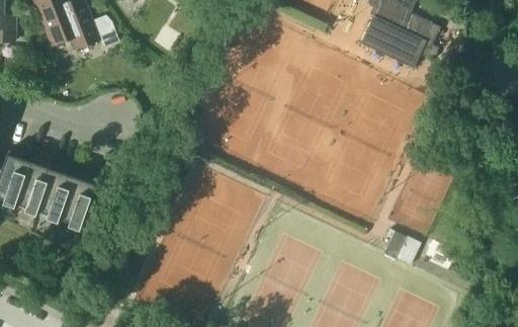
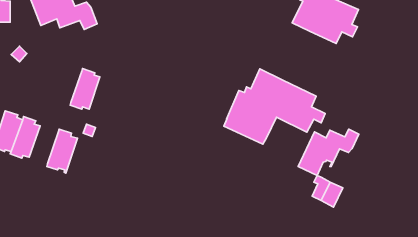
building: none -> [224,69,325,144]
building: [36,166,73,216] -> [70,69,100,109]
building: none -> [298,129,359,176]

